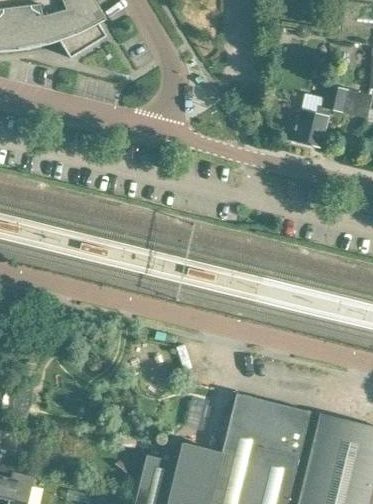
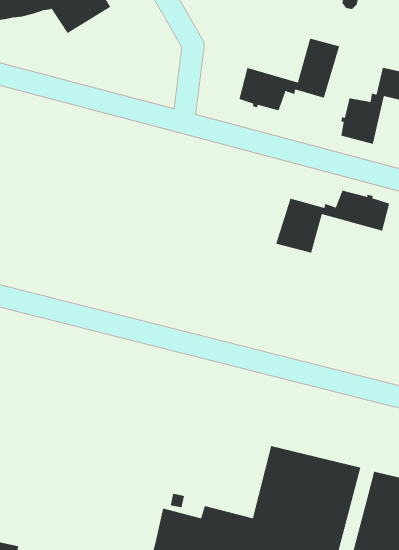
building: none -> [239,38,340,111]
building: none -> [276,190,390,253]

